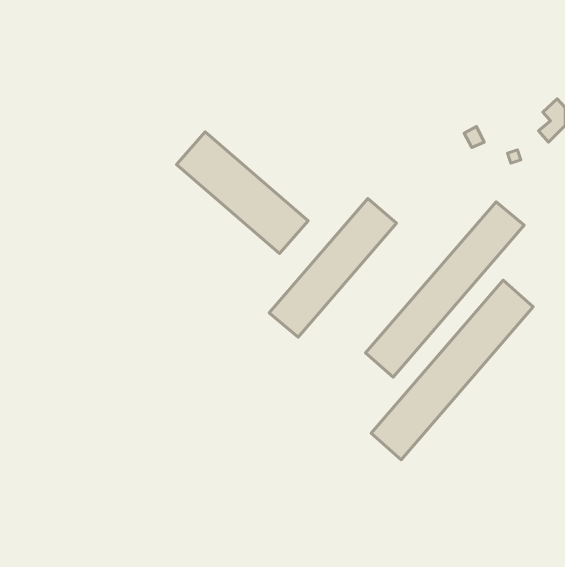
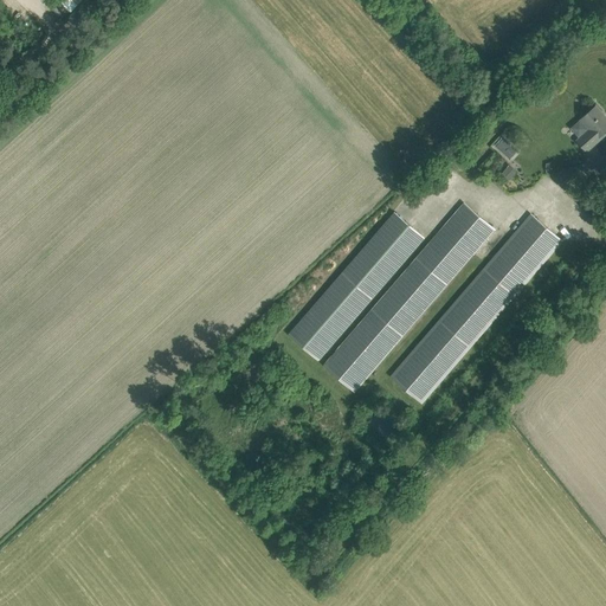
building: [177,132,308,253] -> none
building: [371,280,533,460] -> [322,201,495,393]

